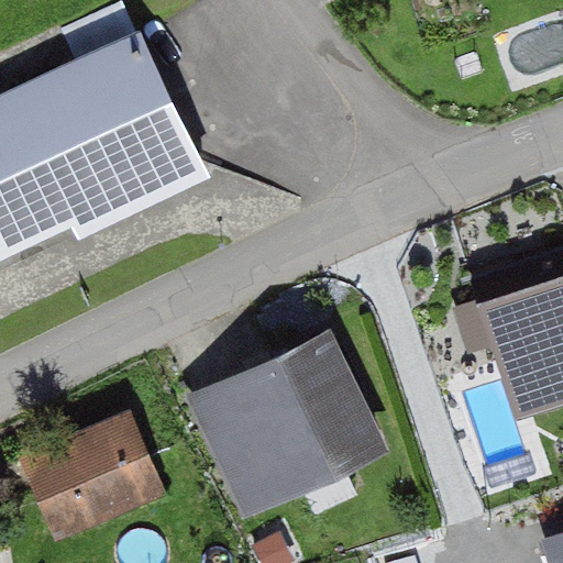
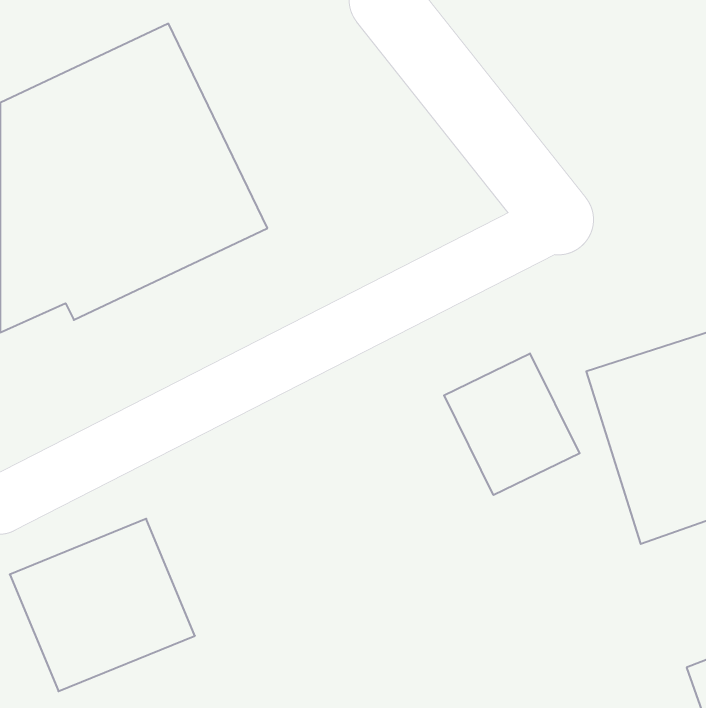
building: none -> [444,353,580,495]
building: [187,333,379,516] -> none

